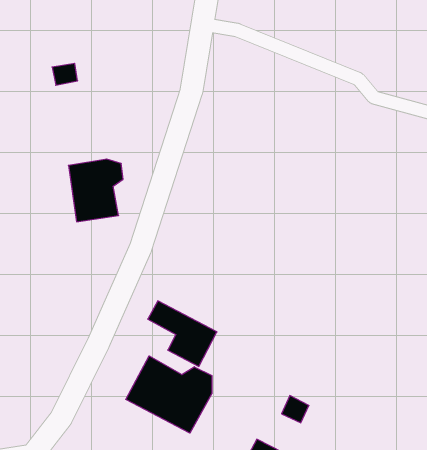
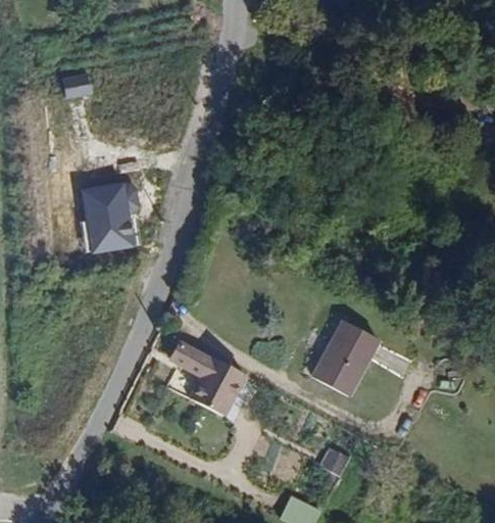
building: none -> [308,320,383,399]
building: [126,356,212,433] -> none

